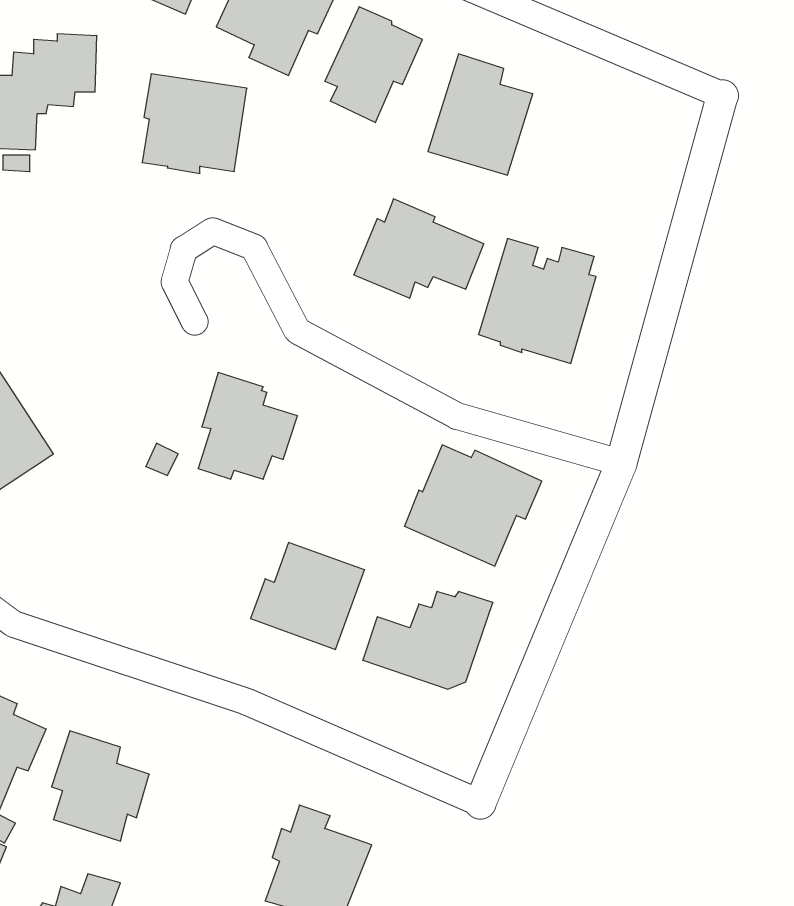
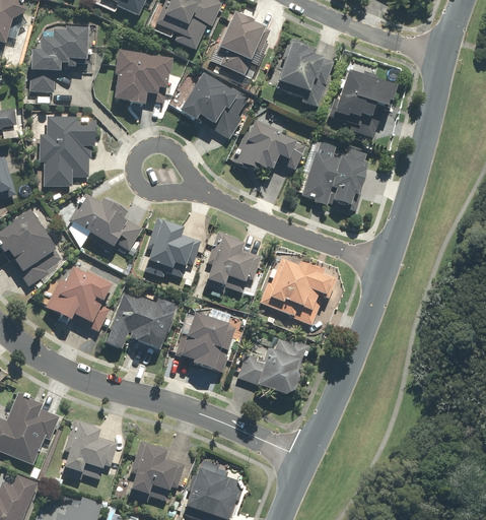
building: none -> [328,69,397,138]
building: none -> [180,70,249,139]
building: none -> [39,116,95,187]
building: none -> [68,191,143,252]
building: none -> [207,231,262,294]
building: none -> [45,267,112,331]
building: none -> [106,290,177,350]
building: none -> [131,440,185,501]

